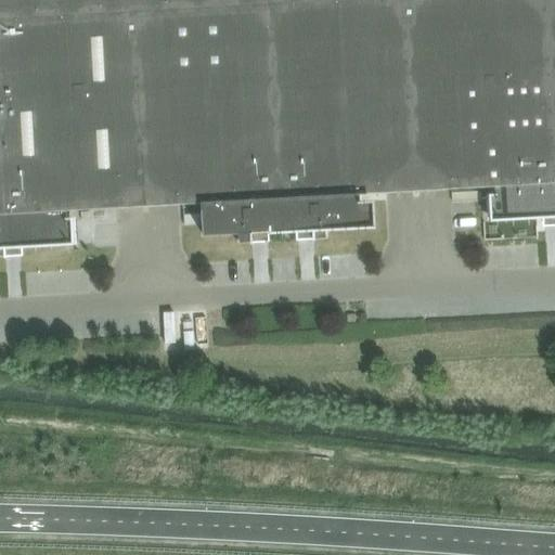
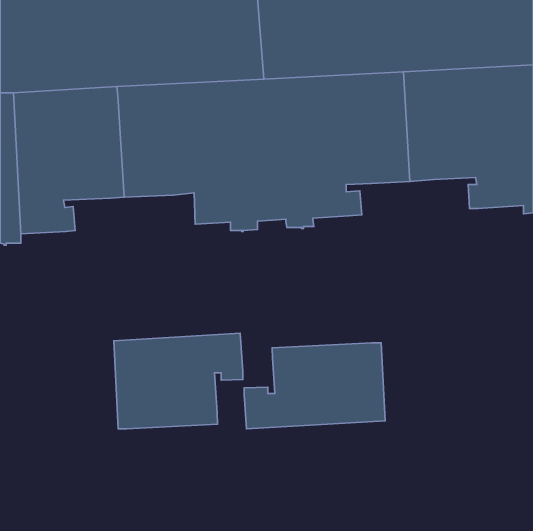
building: none -> [114,333,243,429]
building: none -> [244,343,385,429]

